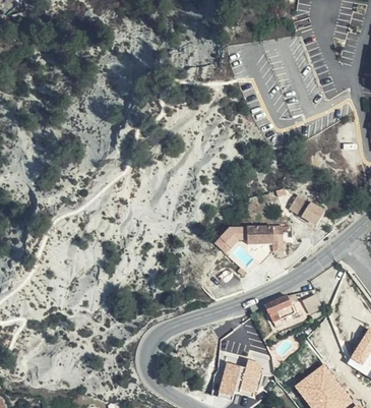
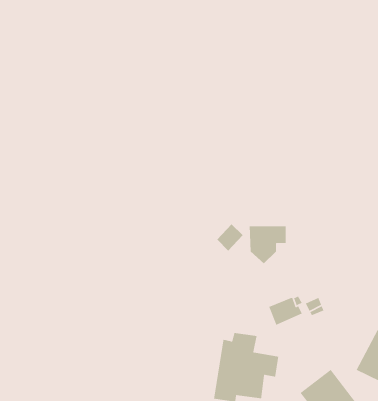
building: [290,194,325,225] -> none

